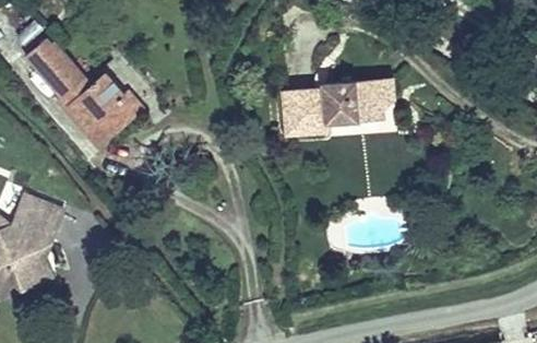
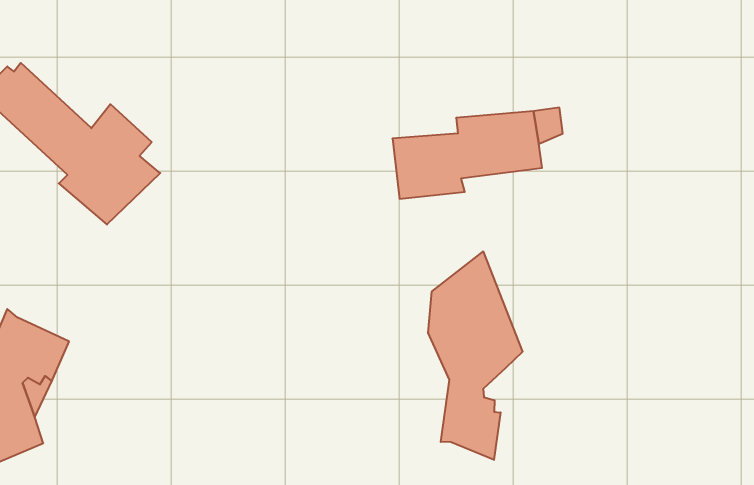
building: none -> [428,251,523,460]

